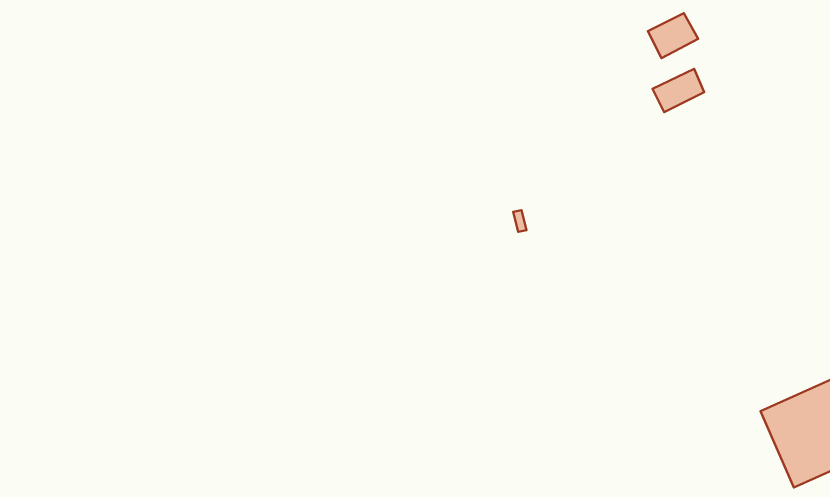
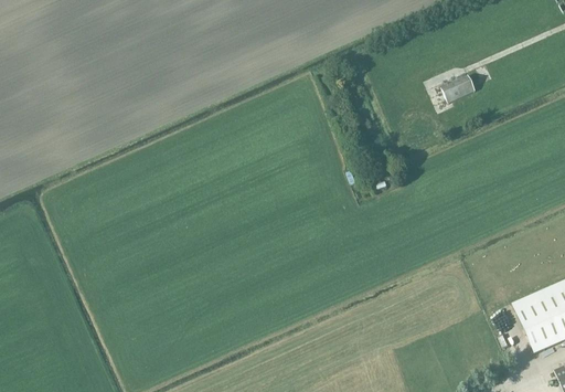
building: [648,13,698,58] -> none

